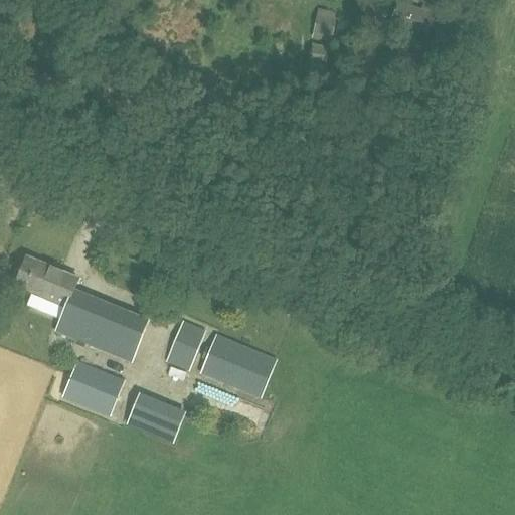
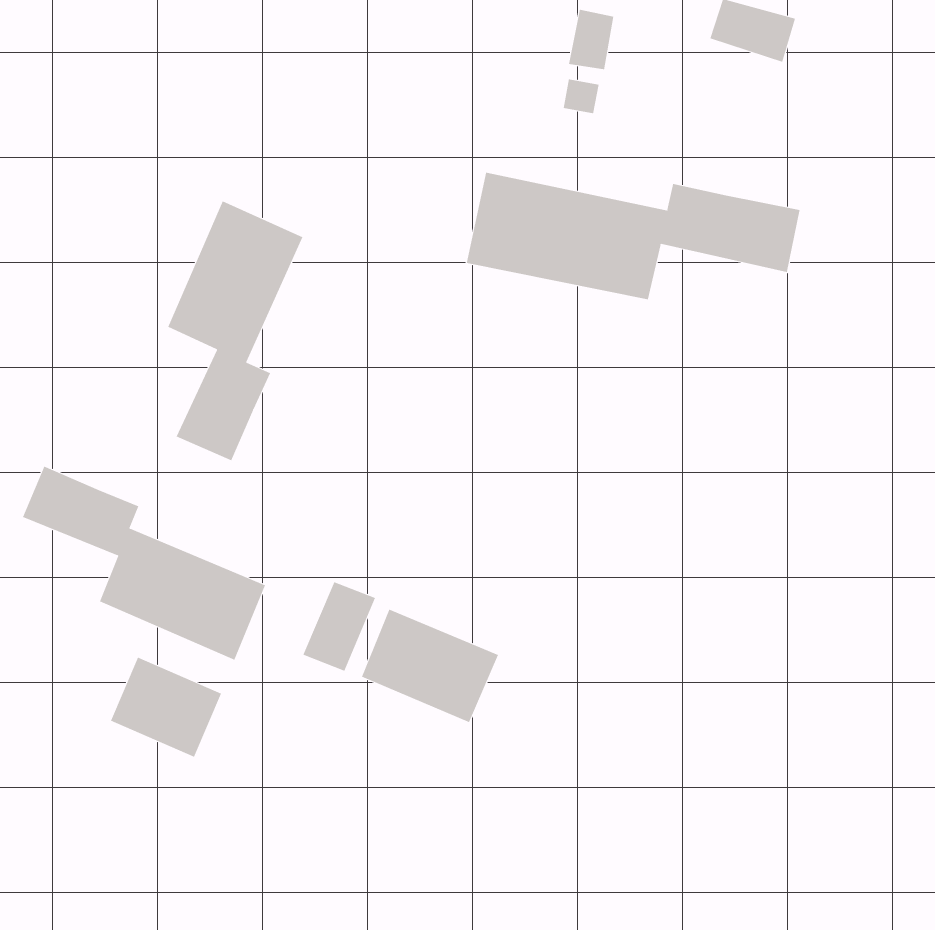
building: none -> [466,172,800,300]
building: none -> [168,201,303,461]
building: [125,391,185,443] -> none

